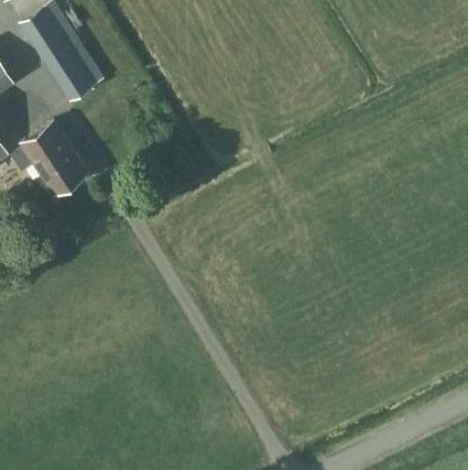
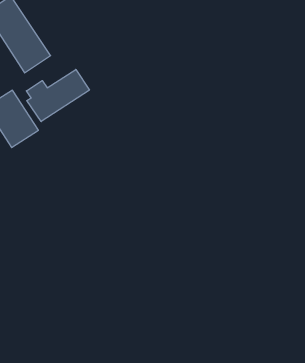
building: none -> [26,69,89,122]

